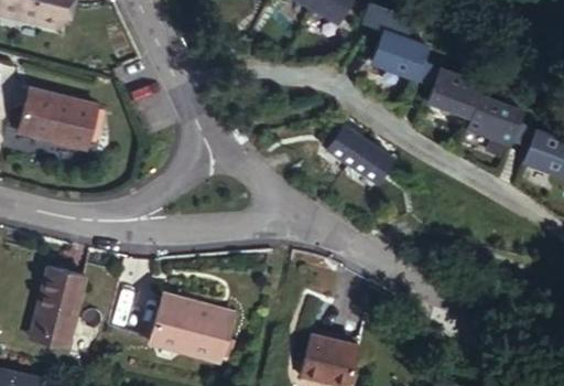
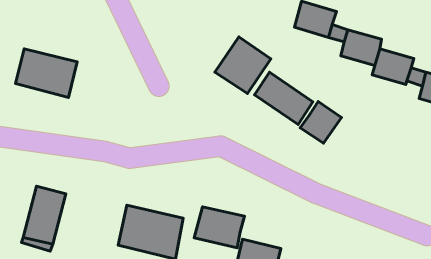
building: none -> [215,37,271,93]
building: none -> [300,102,342,143]
building: none -> [194,207,244,248]

